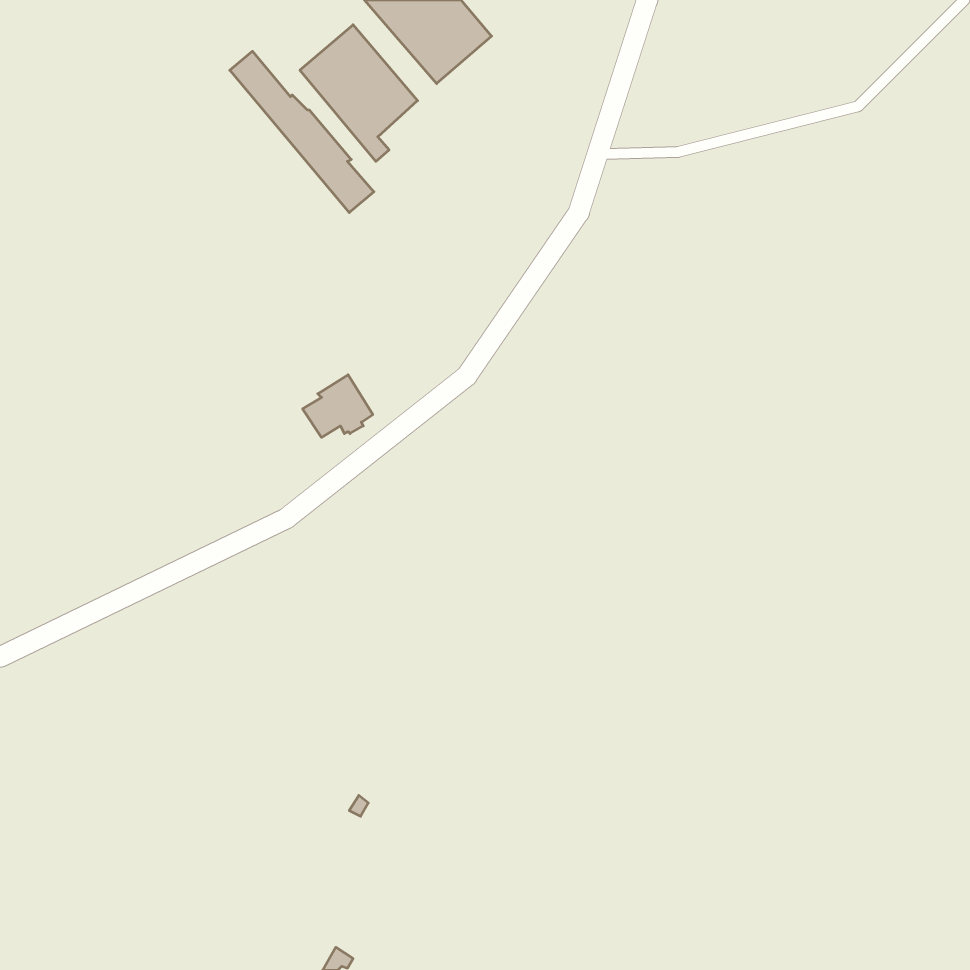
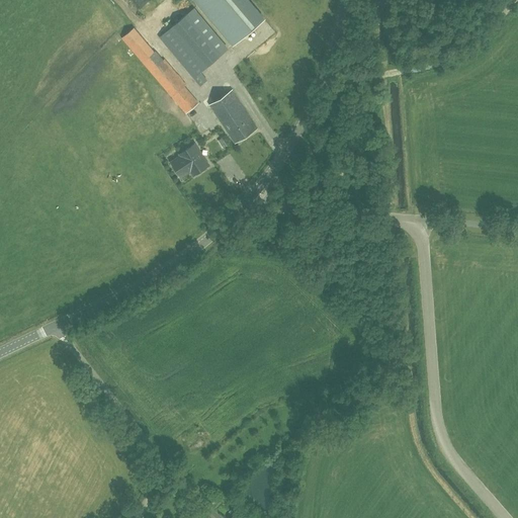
building: none -> [210,90,257,143]
building: [303,375,373,437] -> [171,144,208,177]

